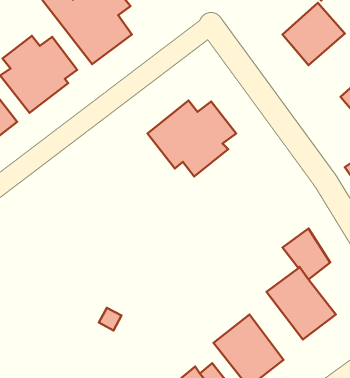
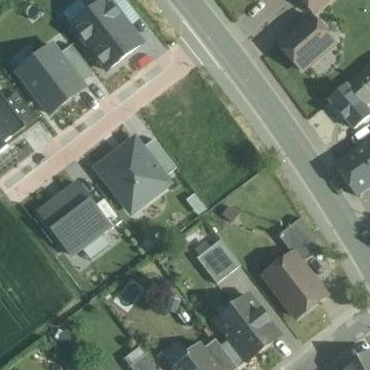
building: [148,100,236,176] -> [97,138,176,206]
building: none -> [39,181,121,253]
building: none -> [196,237,240,282]

